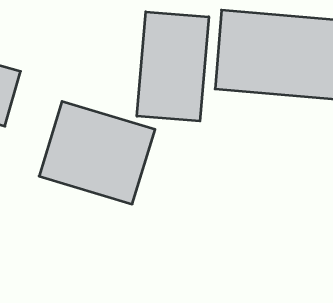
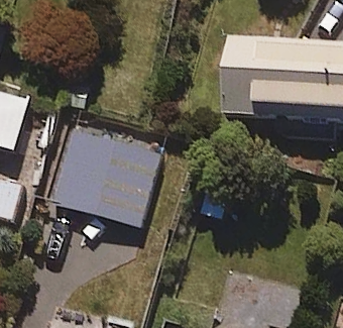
building: [137,12,209,121] -> none

